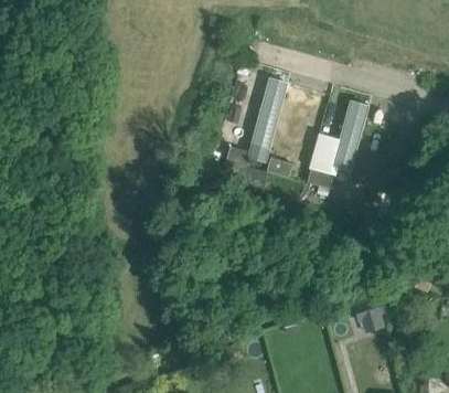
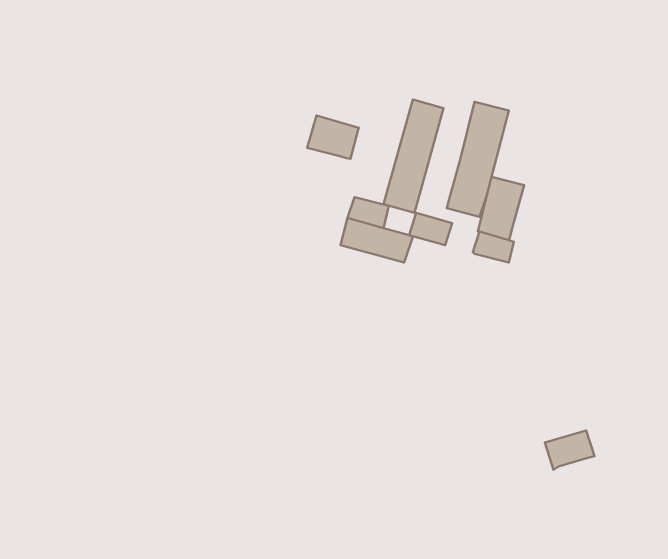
building: none -> [307,115,359,159]
building: [329,103,368,177] -> [447,102,509,217]

